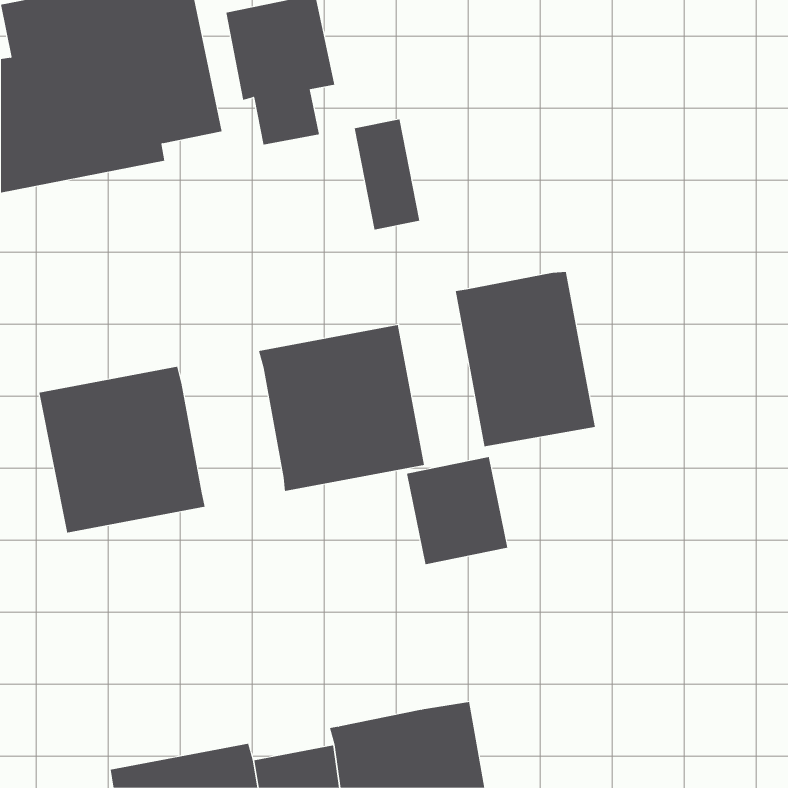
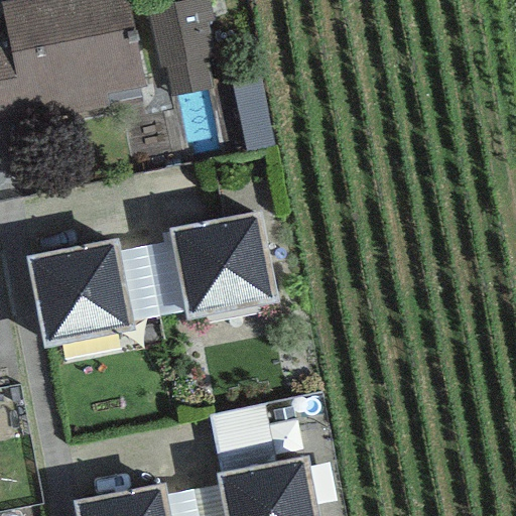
building: [455,271,595,447] -> none
building: none -> [120,240,185,321]
building: [406,457,508,565] -> [210,403,276,474]

